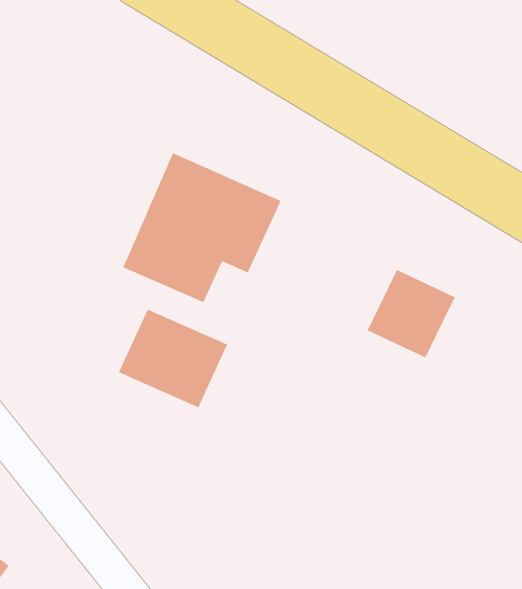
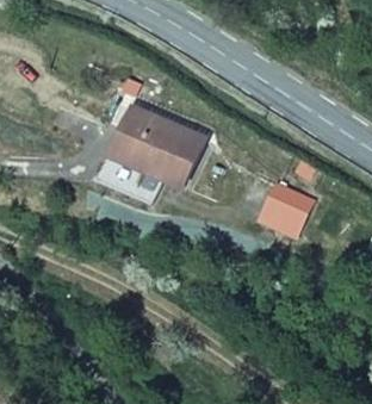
building: [118,309,228,408] -> none

